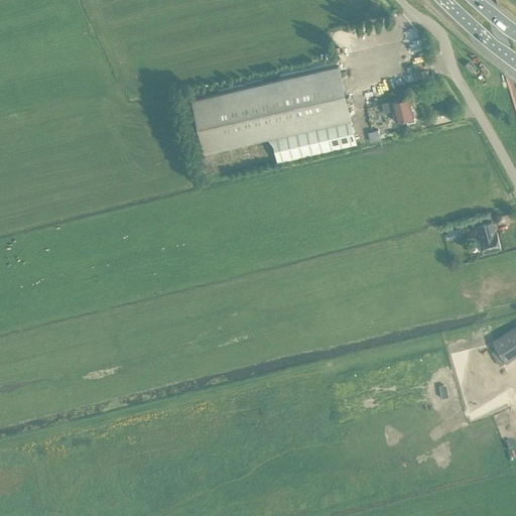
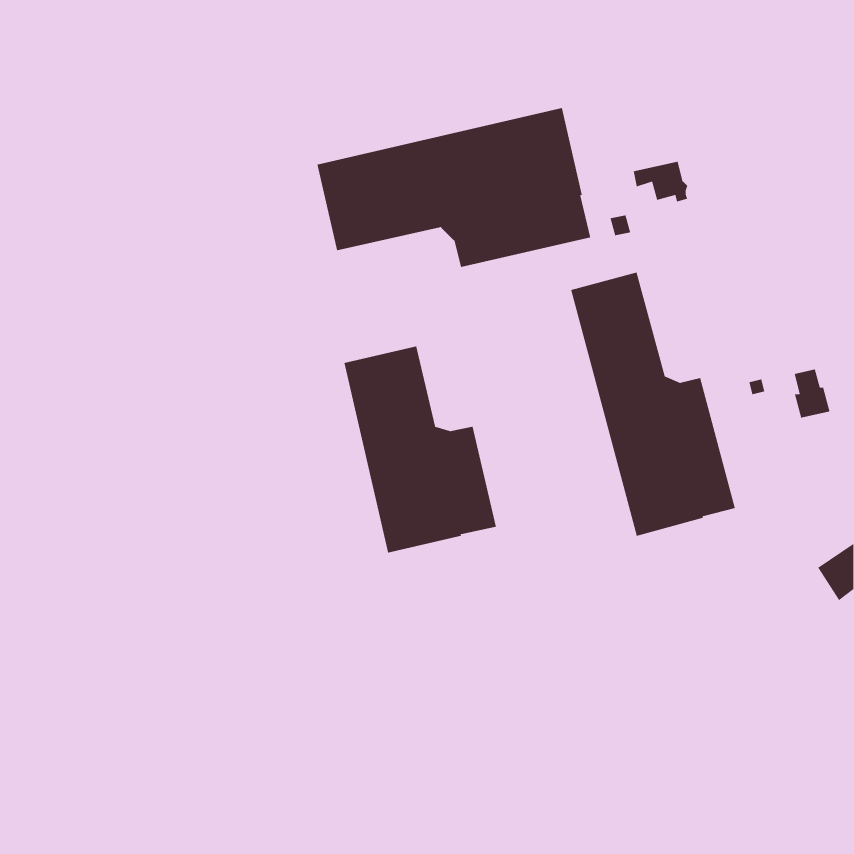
building: none -> [570,272,736,537]
building: none -> [344,346,497,554]

